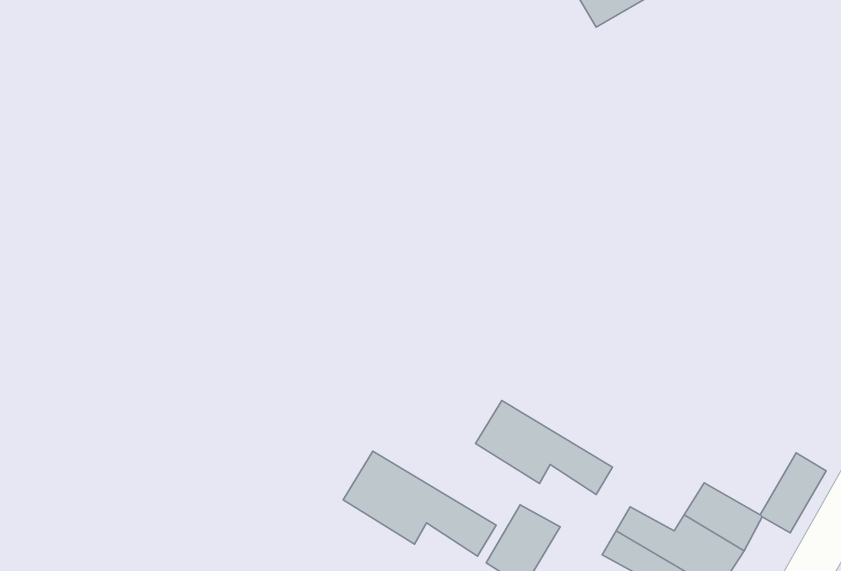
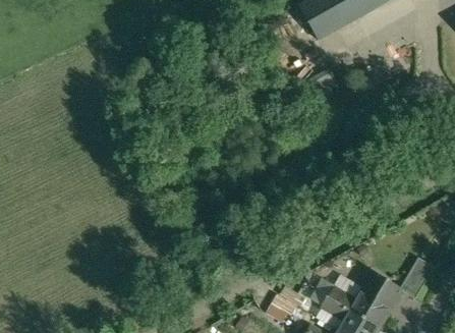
building: [476,401,613,494] -> none
building: [343,451,496,556] -> none

